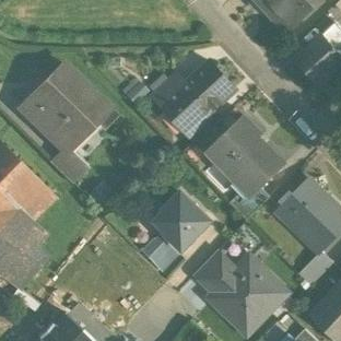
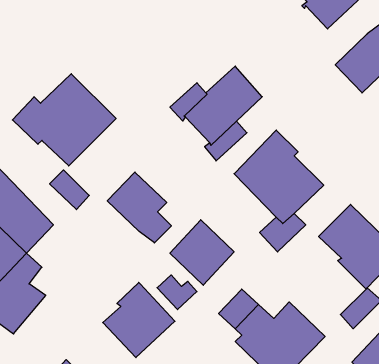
building: none -> [107,172,171,243]
building: none -> [103,282,175,358]

